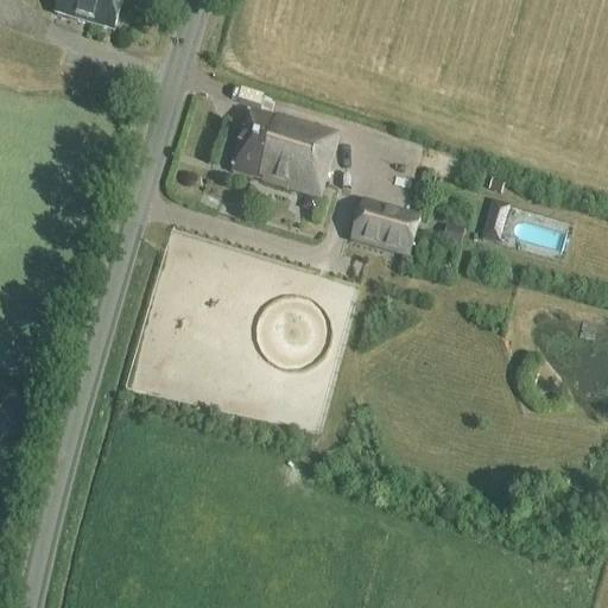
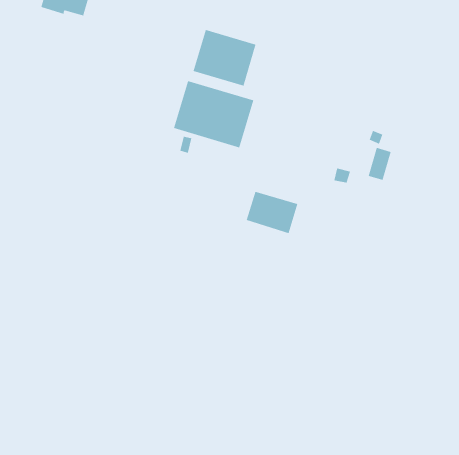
building: none -> [193,29,256,87]
building: [348,198,417,254] -> [246,191,298,234]

